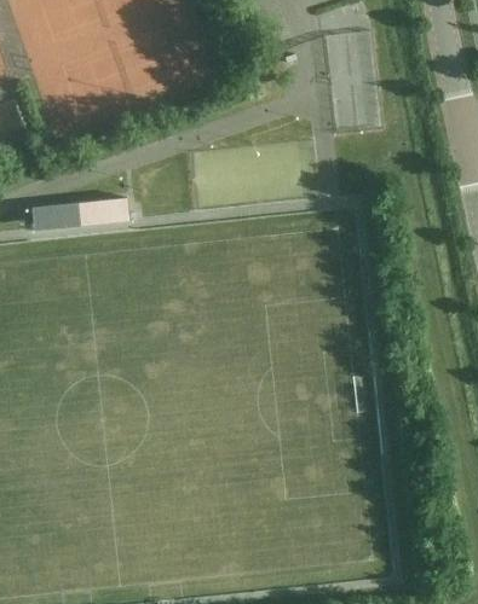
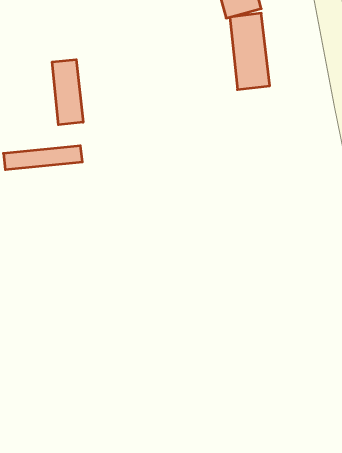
building: none -> [52,60,83,125]

